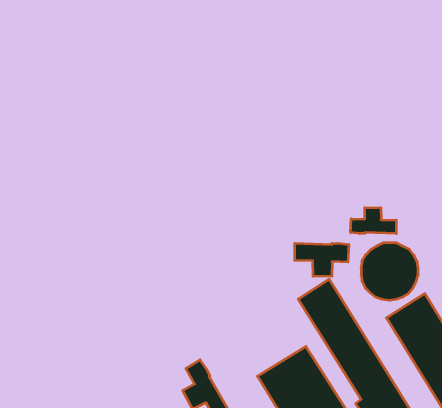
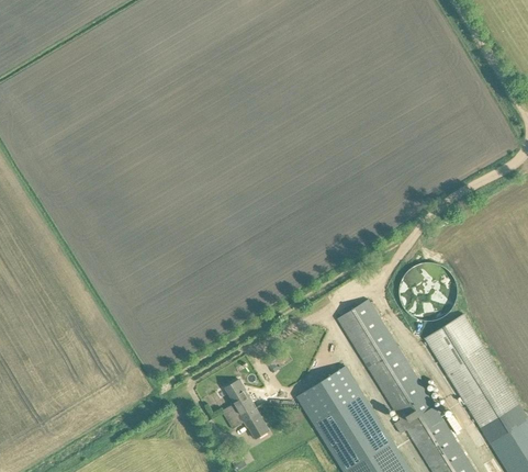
building: [351,208,396,234] -> none
building: [295,243,349,276] -> none

